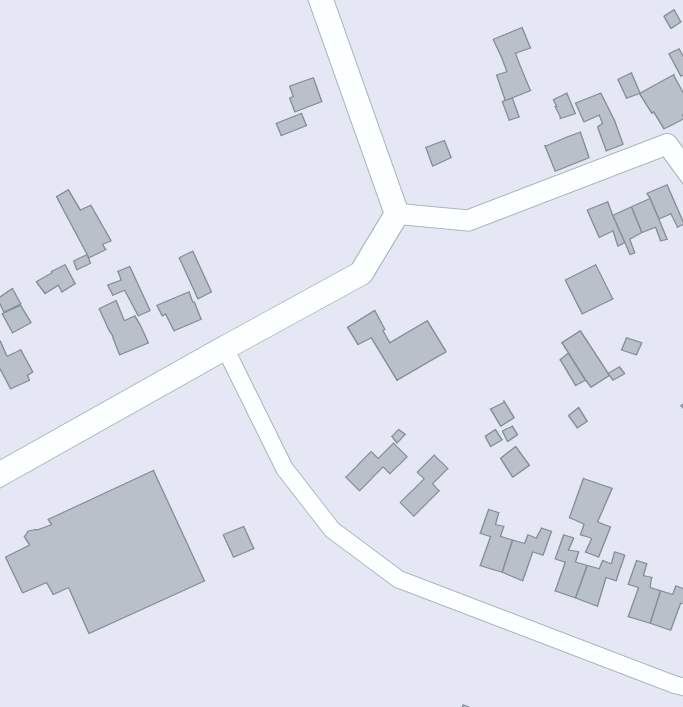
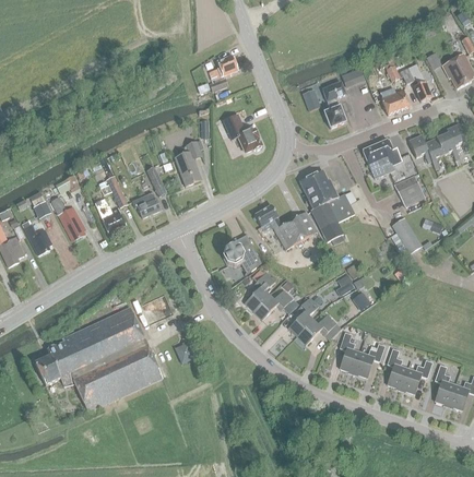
building: [493,28,531,101] -> [321,81,345,128]
building: none -> [222,114,261,152]
building: [57,190,111,258] -> [50,196,85,240]
building: none -> [362,139,401,177]
building: none -> [174,140,203,186]
building: none -> [299,170,356,241]
building: none -> [222,231,260,275]
building: none -> [244,272,274,311]
building: [570,478,612,557] -> none
building: none -> [296,314,335,345]

